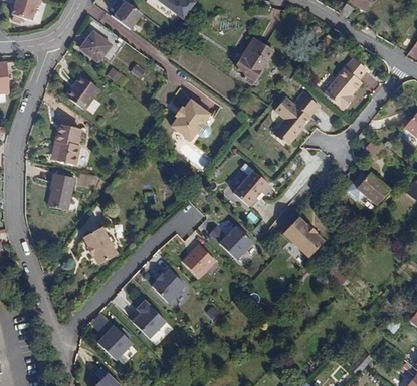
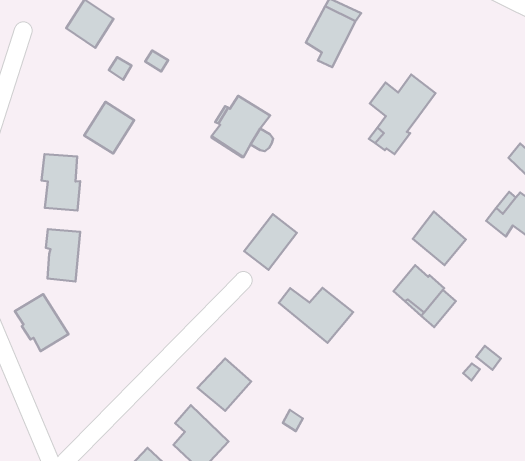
building: [325,56,367,108] -> none
building: [66,74,99,109] -> [84,102,134,154]
building: [234,169,269,205] -> [244,214,297,270]
building: none -> [413,212,466,265]
building: [82,227,117,264] -> [15,294,69,351]
building: [182,245,217,280] -> none

